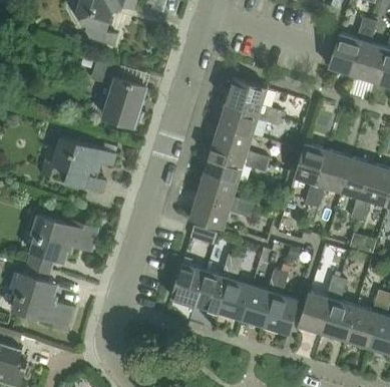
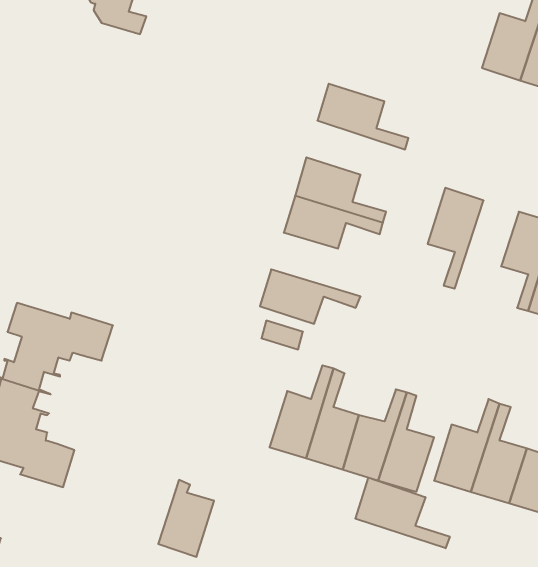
building: [90,59,145,126] -> none
building: [218,101,280,135] -> none
building: [51,137,116,188] -> none
building: [311,151,351,209] -> none
building: [196,171,254,212] -> none
building: [170,258,206,306] -> [158,480,214,557]
building: none -> [355,478,450,548]

